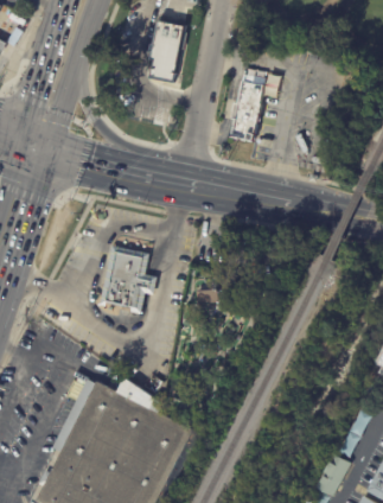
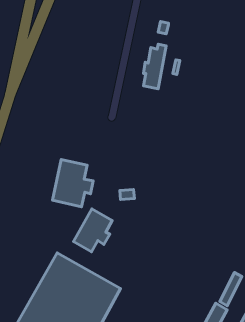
building: [140,23,179,83] -> none
building: none -> [73,209,112,252]

